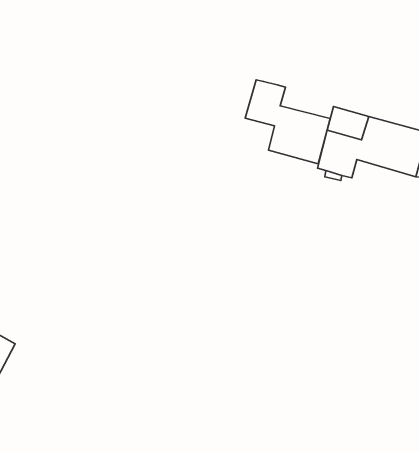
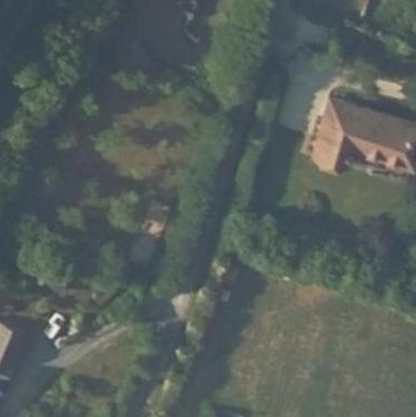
building: [245,80,330,164] -> none

